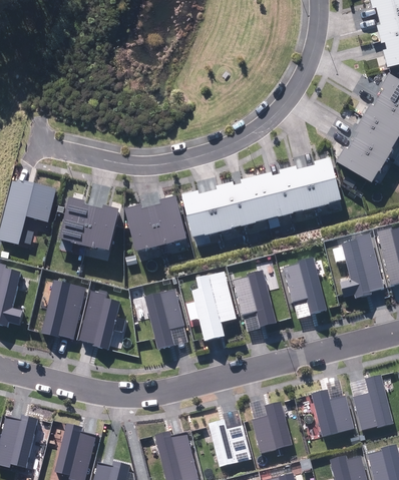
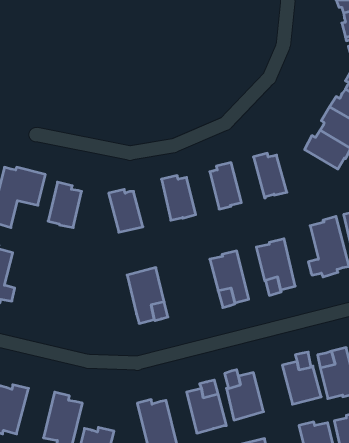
building: [306,157,342,207] -> none
building: [257,169,293,218] -> none
building: [209,181,244,231] -> none
building: [151,195,186,245] -> none
building: [86,204,119,251] -> none
building: [191,272,237,341] -> none
building: [41,280,85,339] -> none
building: [79,290,120,350] -> none

